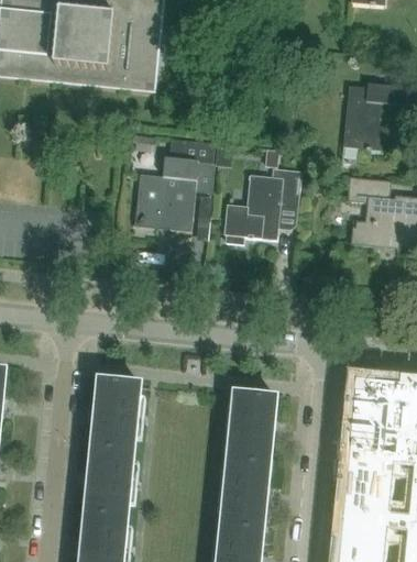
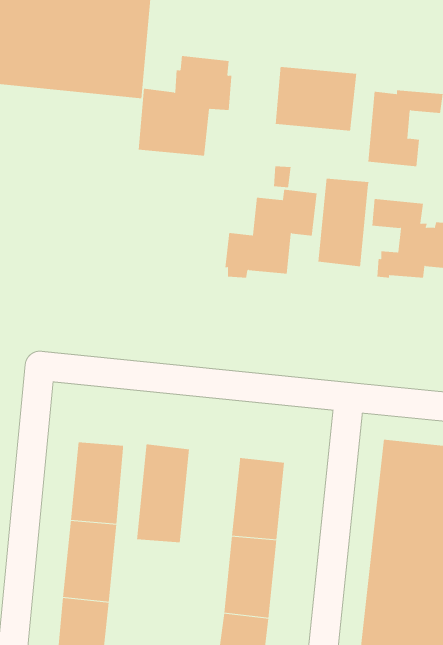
building: none -> [275,66,357,131]
building: [134,145,213,230] -> [138,56,232,156]
building: none -> [318,178,369,267]
building: none -> [136,444,190,543]

